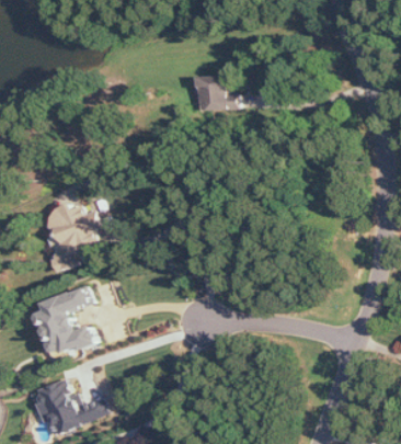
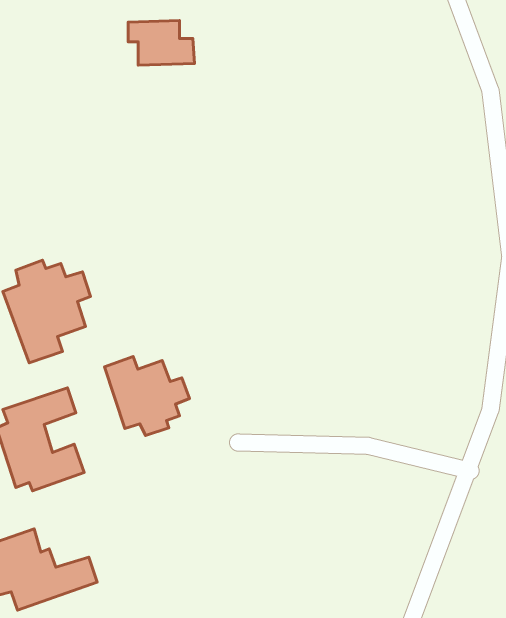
building: [190,80,233,110] -> [128,20,194,65]
building: none -> [104,357,190,435]

